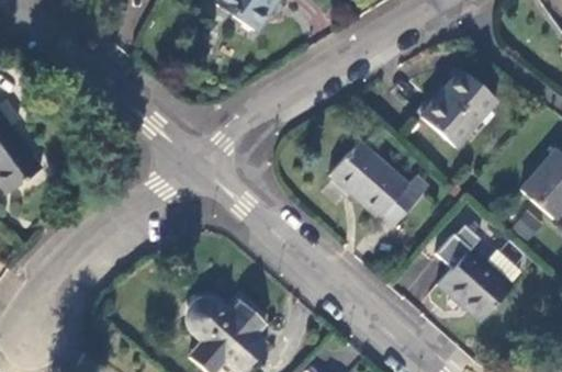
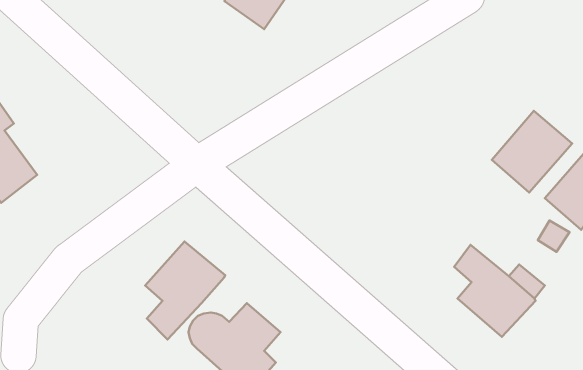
building: [422,70,497,147] -> [492,111,572,193]
building: [329,140,429,225] -> none
building: none -> [145,241,225,339]

